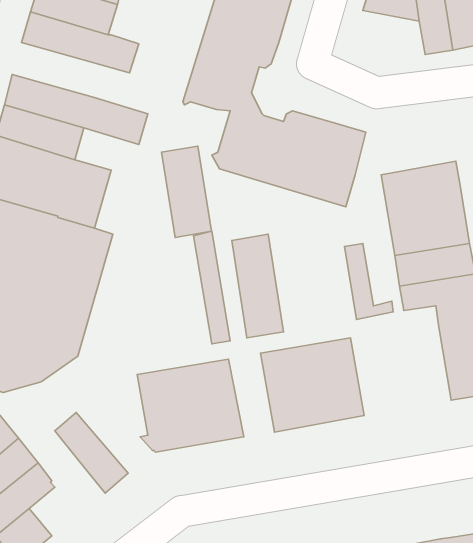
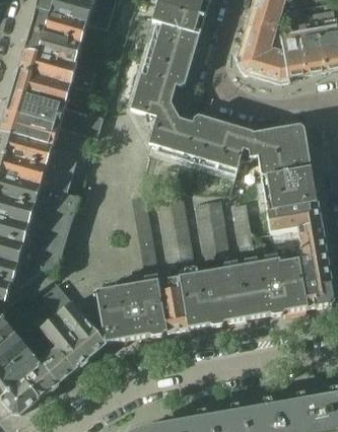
building: none -> [241,46,286,76]
building: none -> [11,67,71,103]
building: none -> [240,122,307,157]
building: [161,146,212,237] -> [195,197,228,258]
building: none -> [236,256,303,315]
building: none -> [155,274,186,330]
building: none -> [39,281,107,354]
building: none -> [22,345,73,395]

